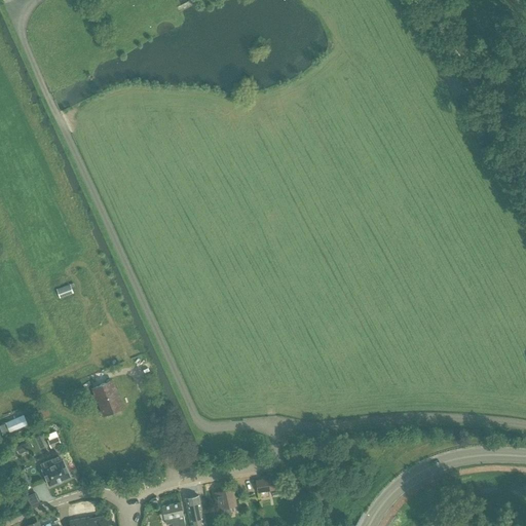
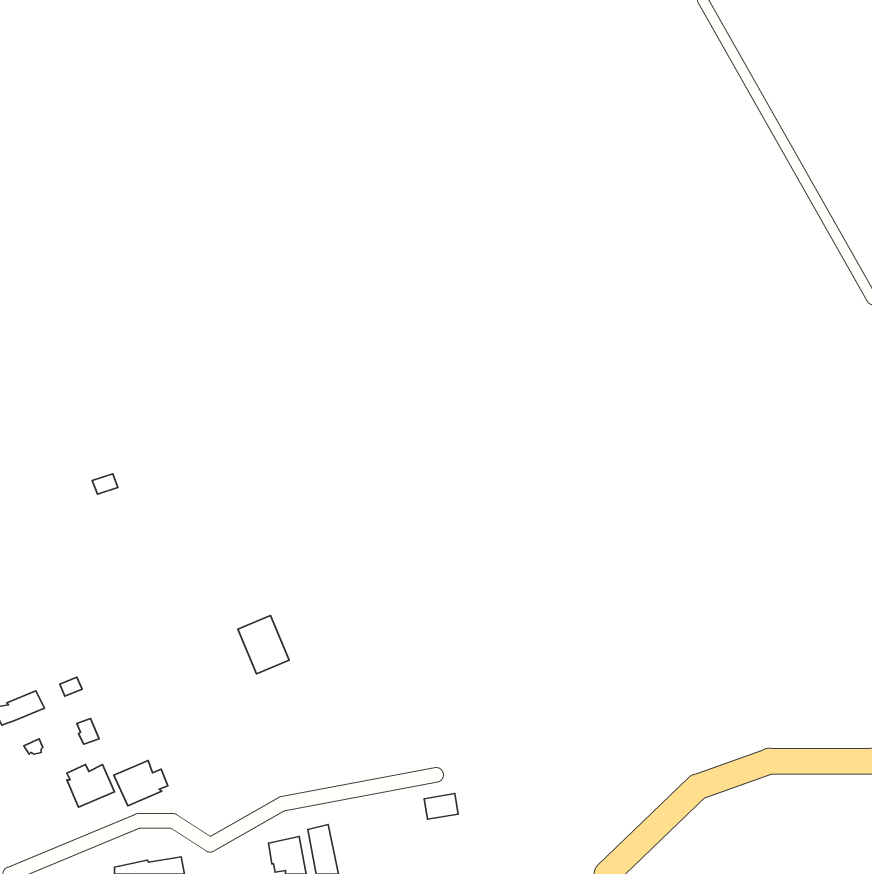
building: [91,380,122,415] -> [238,616,289,674]
building: none -> [114,760,168,806]
building: [213,488,234,518] -> none

